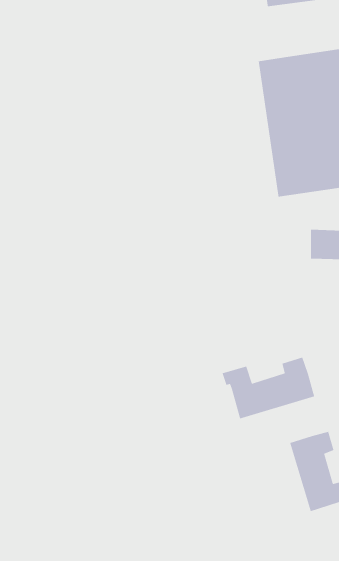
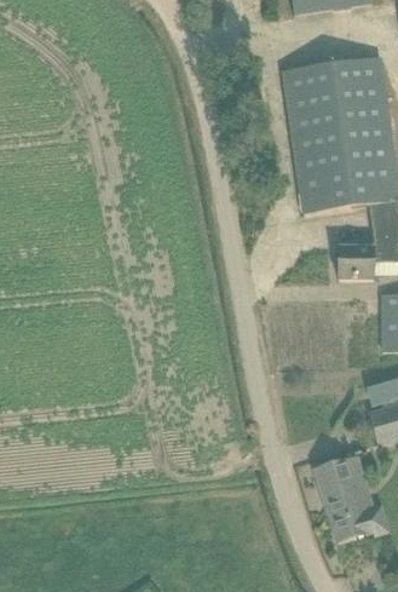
building: [221,357,315,419] -> none

